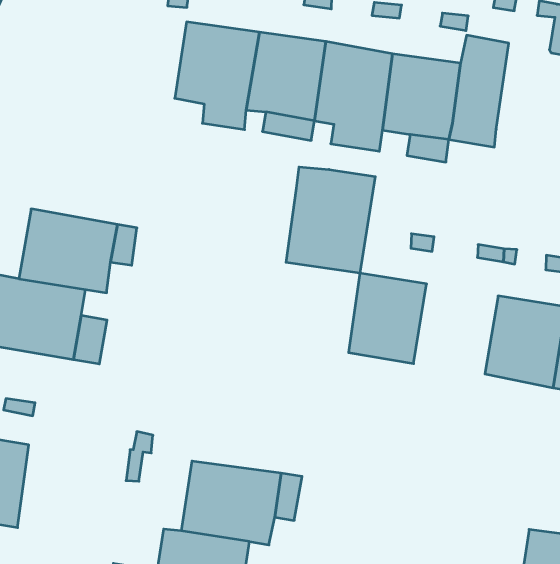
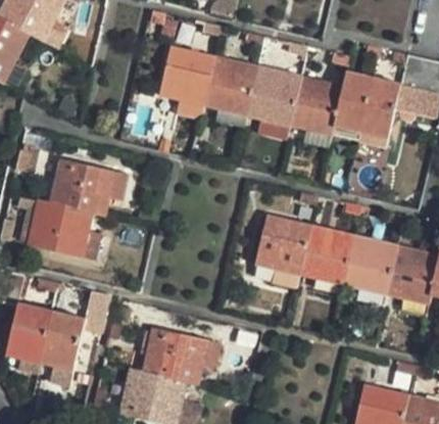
building: none -> [361,76,402,146]
building: [286,167,375,273] -> none
building: none -> [299,225,356,285]
building: none -> [39,285,108,368]

